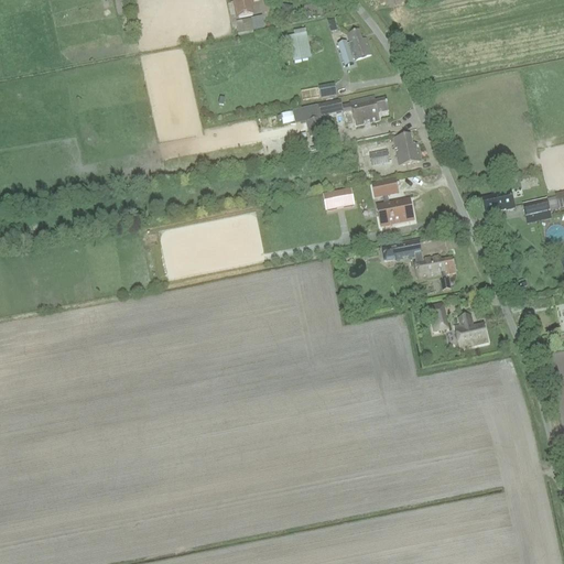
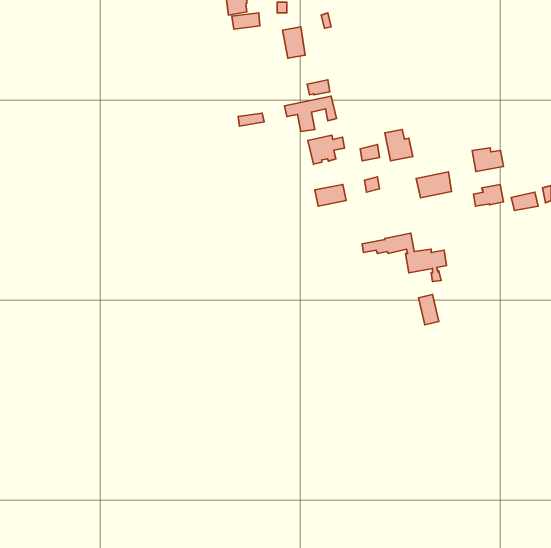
building: [344,29,371,58] -> none
building: [350,95,388,124] -> [308,135,345,164]
building: none -> [472,148,503,171]
building: [377,198,413,225] -> [416,172,452,198]
building: [454,313,488,347] -> none

